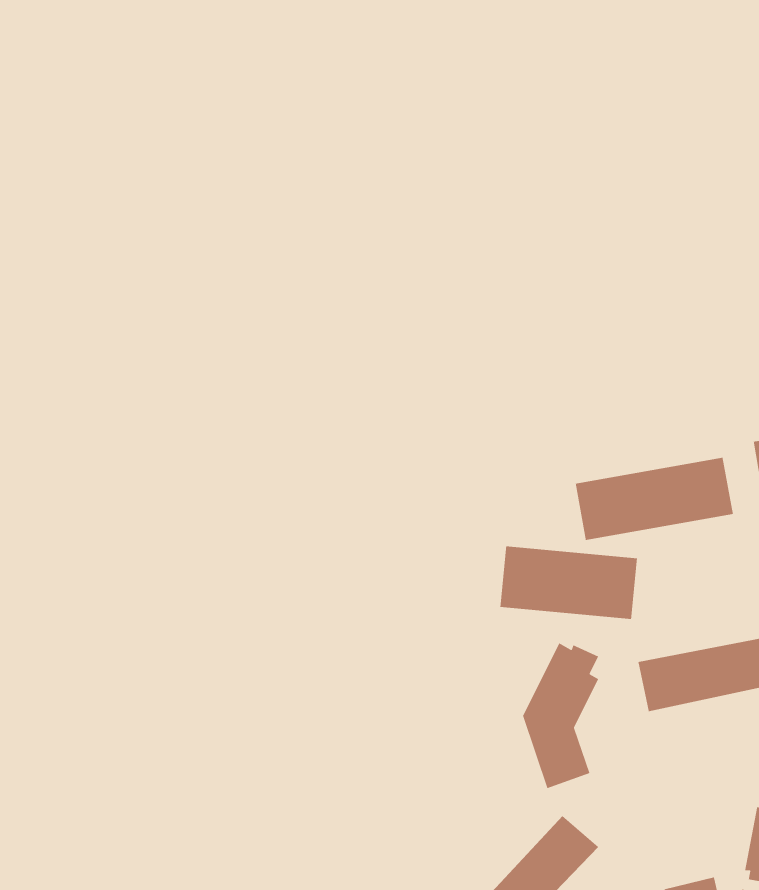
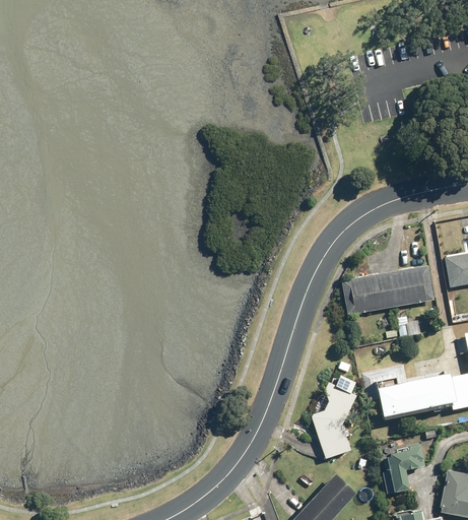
building: [500,546,638,620] -> none
building: none -> [383,449,425,496]

